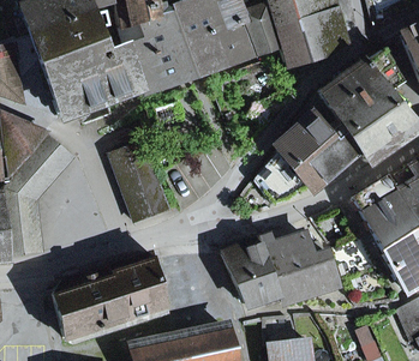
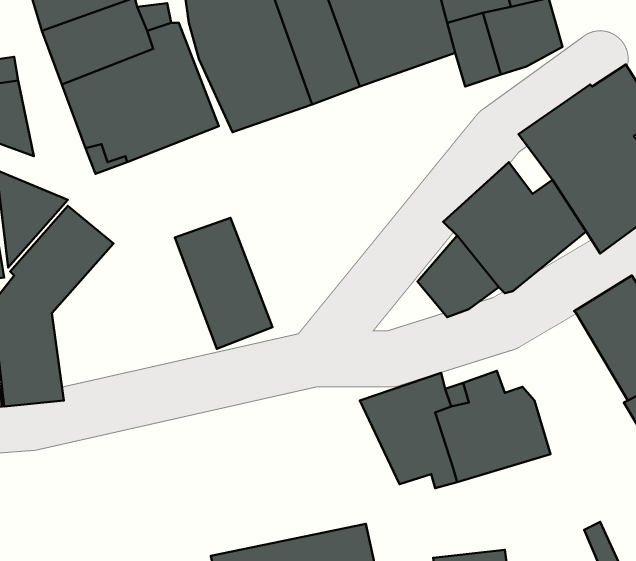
building: [54,254,166,341] -> none

